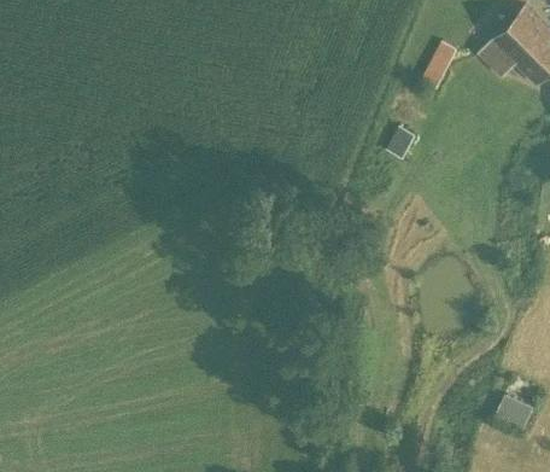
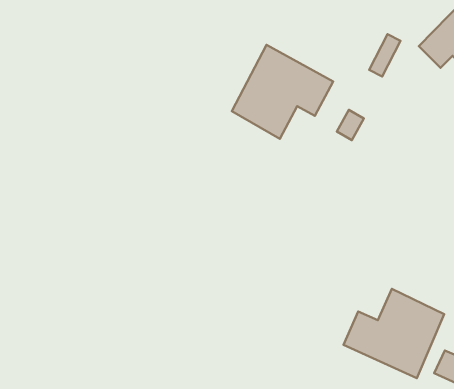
building: none -> [232,45,333,139]
building: none -> [344,289,444,378]

